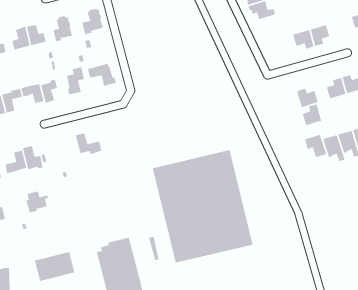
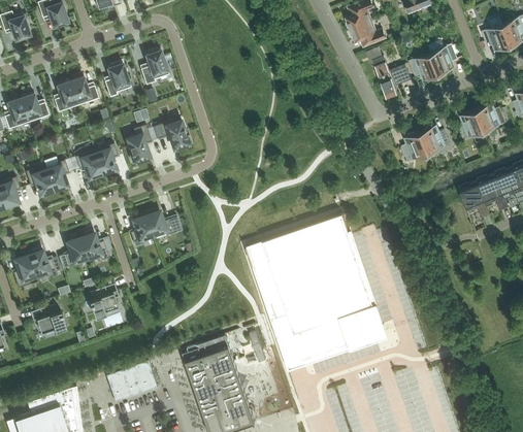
building: none -> [372,56,412,95]
building: [302,104,322,126] -> [401,132,428,162]
building: [304,134,327,158] -> none
building: none -> [130,212,153,246]

